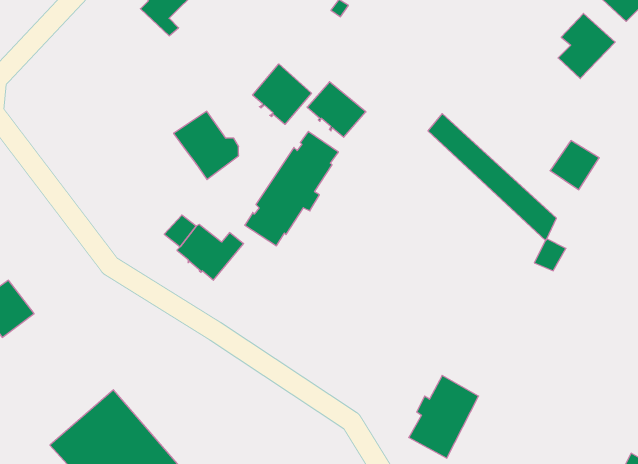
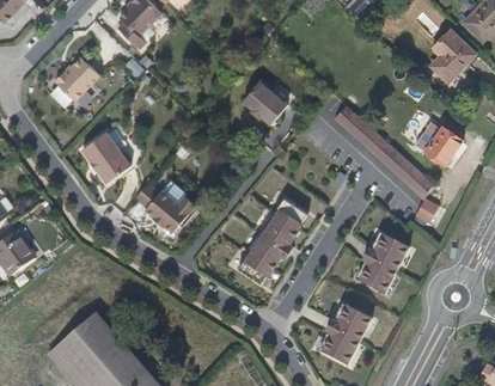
building: none -> [55,55,100,99]
building: [253,64,311,124] -> none
building: [174,111,239,180] -> [81,130,130,182]
building: [245,131,338,246] -> [237,197,307,283]
building: none -> [356,232,409,294]

